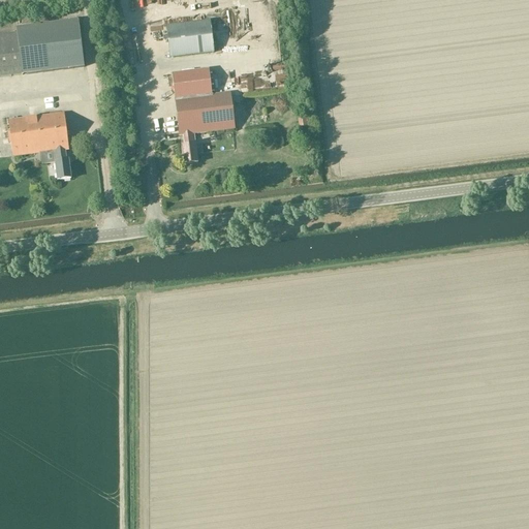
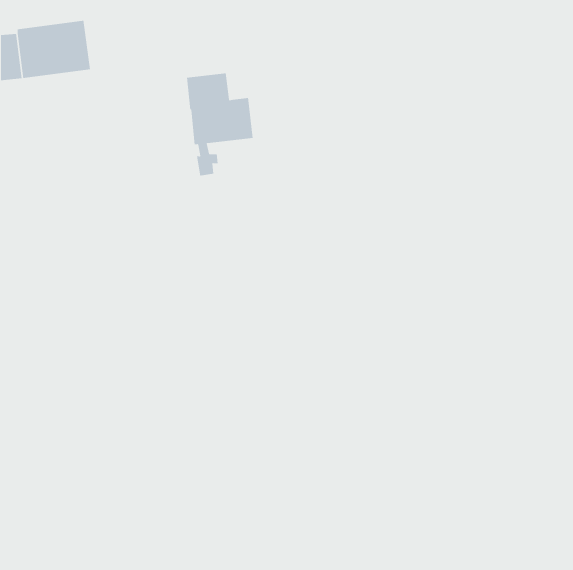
building: [165,18,213,56] -> none
building: [8,111,70,178] -> none

